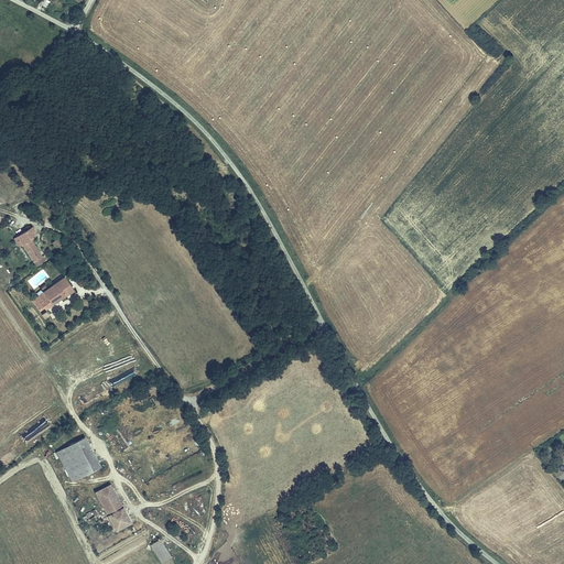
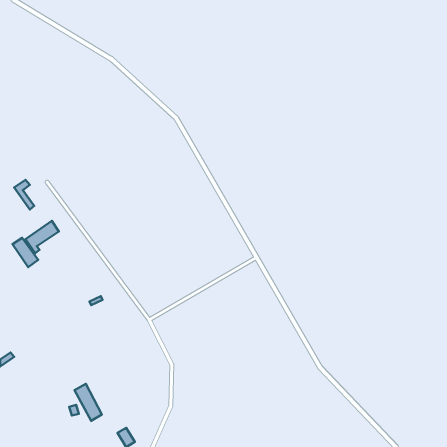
building: none -> [12,238,38,267]
building: [54,436,98,481] -> none

